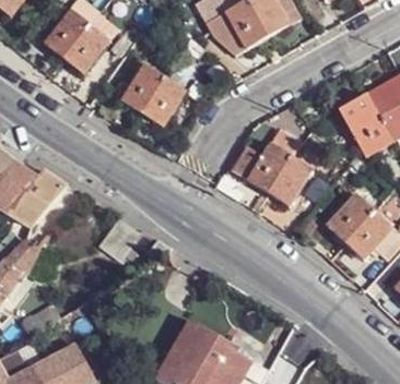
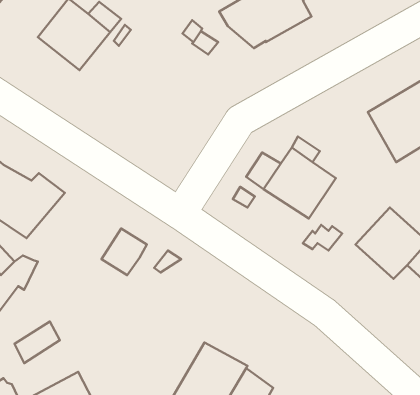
building: [119,67,183,131] -> none

